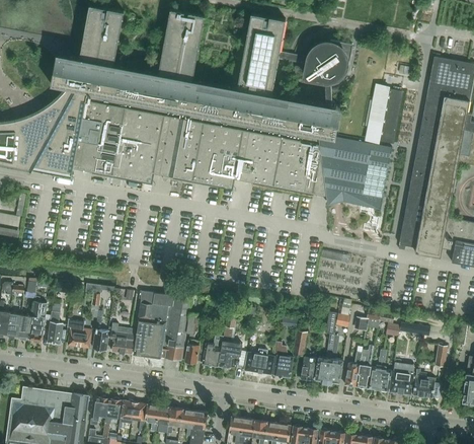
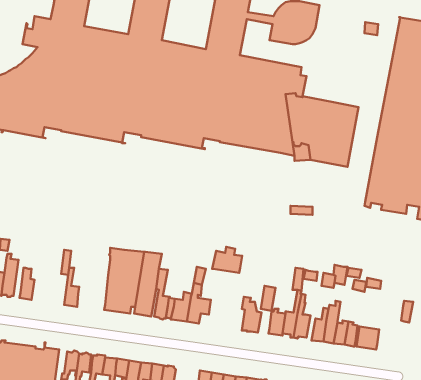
building: [367,85,401,143] -> none
building: [67,319,92,348] -> none
building: [107,322,135,354] -> none
building: [244,348,274,374] -> [212,247,242,273]
building: [413,375,441,398] -> none

